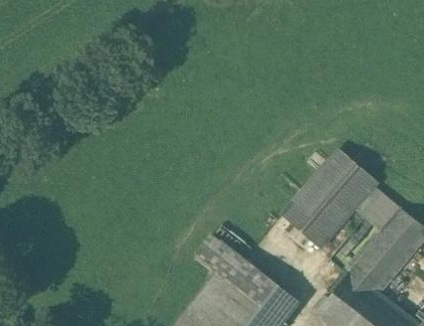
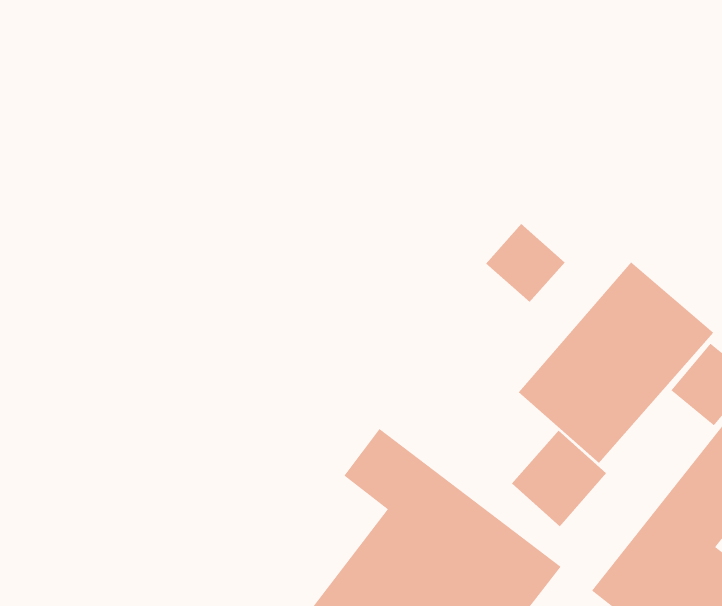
building: none -> [485,223,566,303]
building: none -> [511,430,607,527]

